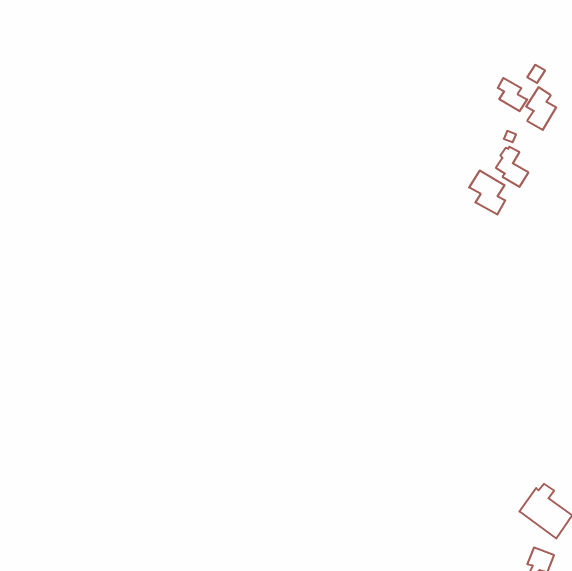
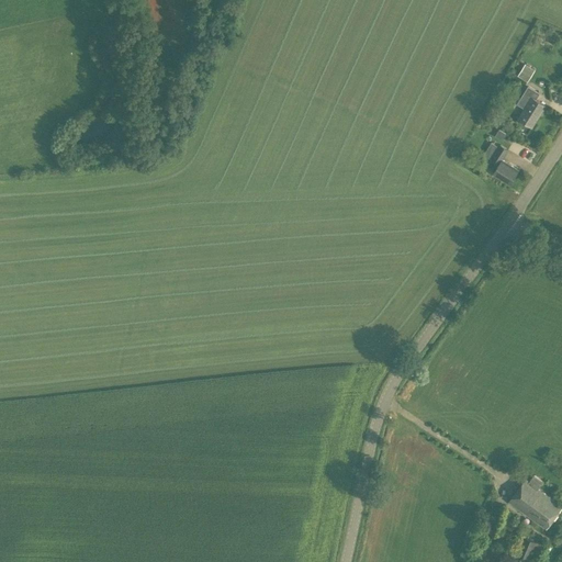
building: [498,78,527,111] -> none
building: [469,170,505,215] -> none

